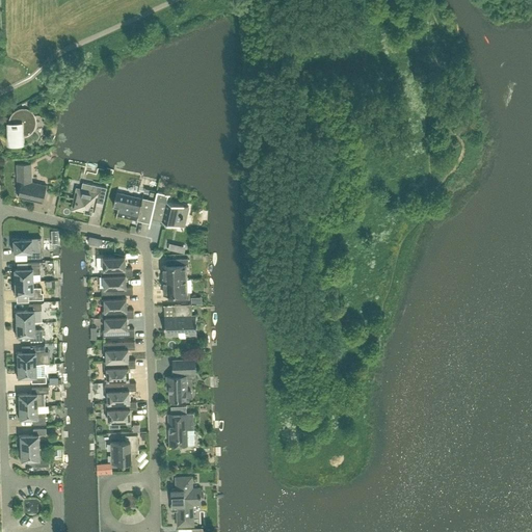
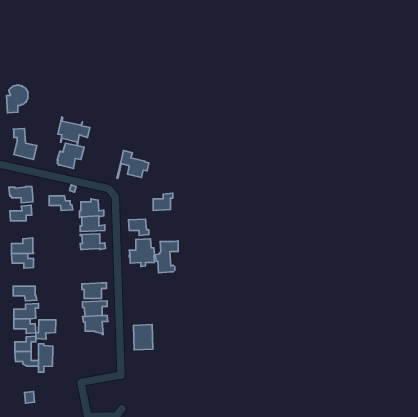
building: [112,188,153,224] -> [58,117,90,146]
building: [163,259,188,281] -> [153,193,173,210]
building: [14,282,44,300] -> [49,196,73,211]
building: [103,317,134,337] -> none
building: [103,342,135,362] -> none
building: [16,345,46,365] -> none
building: [166,360,195,400] -> [155,241,178,273]
building: none -> [36,320,56,339]
building: [111,435,138,463] -> none
building: none -> [38,344,53,372]
building: [170,477,201,527] -> none

